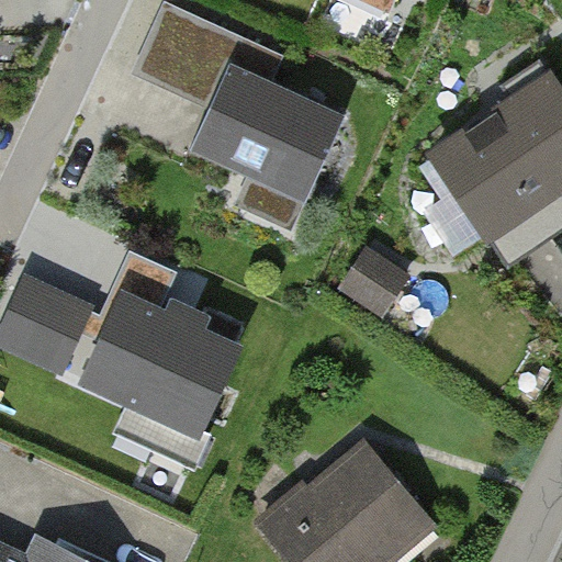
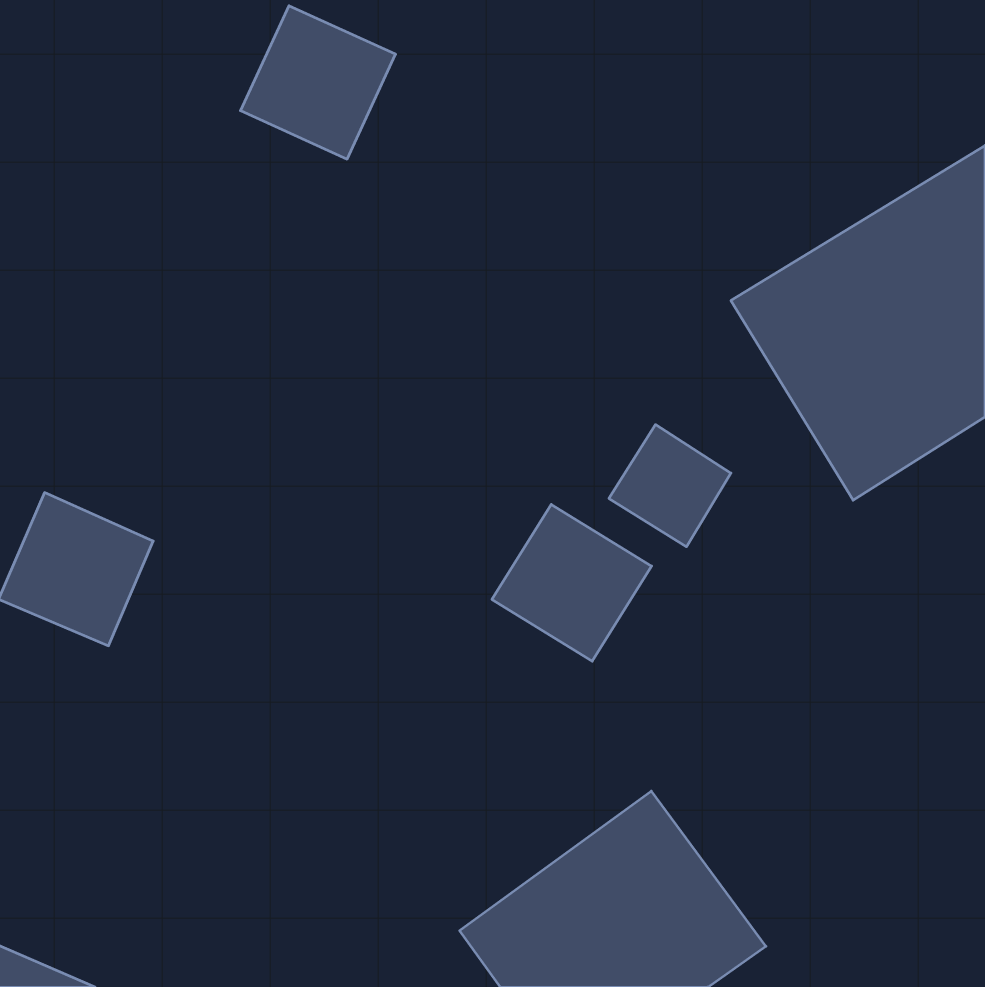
building: [192,38,344,199] -> none
building: [83,257,237,430] -> none
building: none -> [492,504,652,661]

